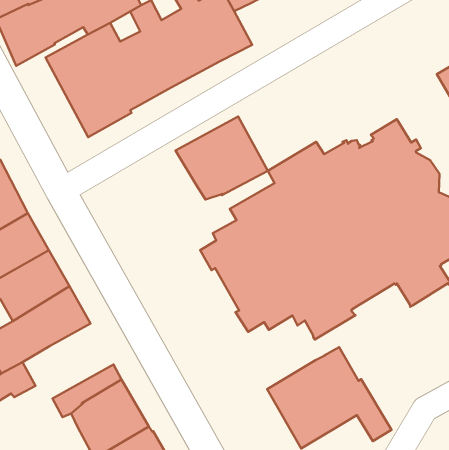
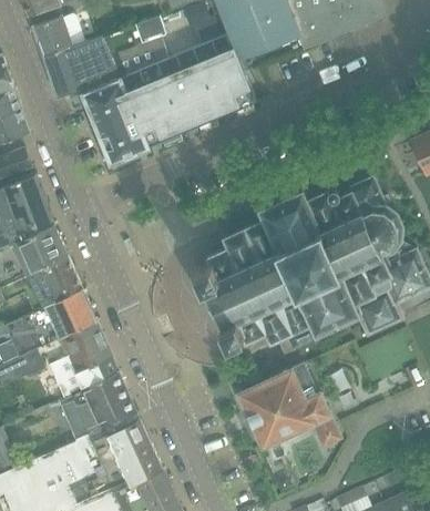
building: [175,117,268,199] -> none
building: none -> [49,321,111,381]

